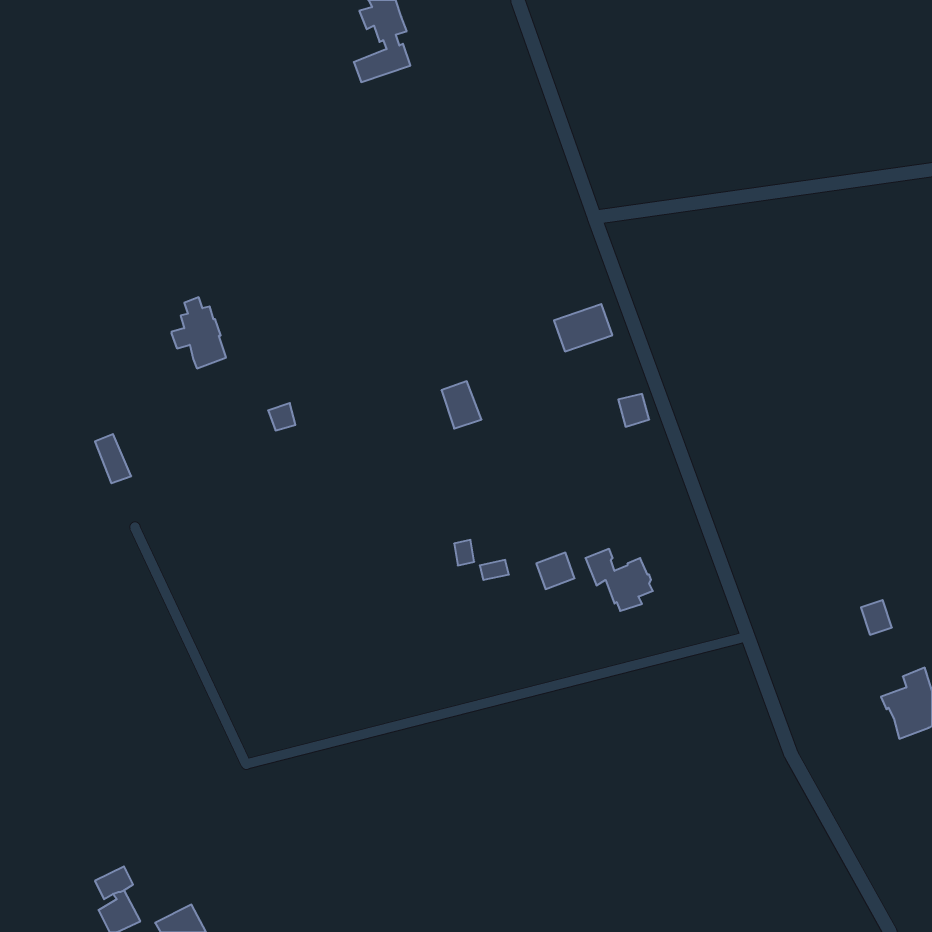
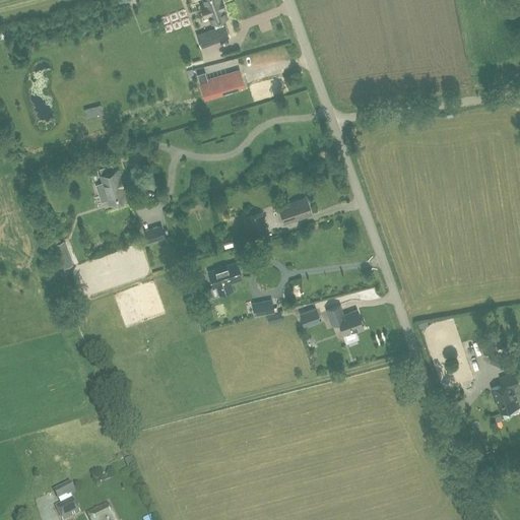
building: none -> [196,69,244,100]
building: [554,304,612,351] -> [278,197,311,223]
building: none -> [208,263,241,297]

